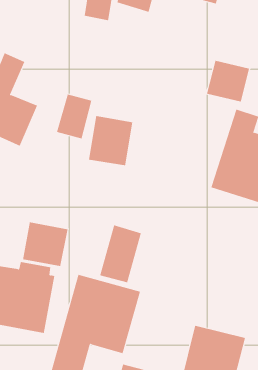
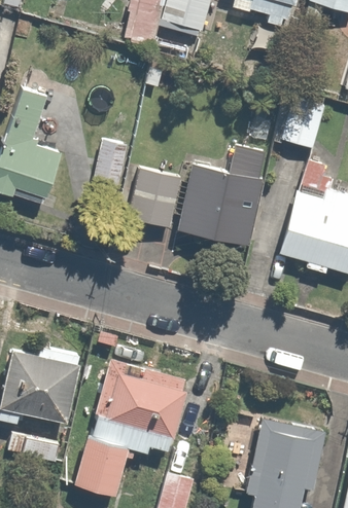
building: none -> [175,146,266,245]
building: [23,221,68,267] -> none
building: [99,225,142,283] -> none

